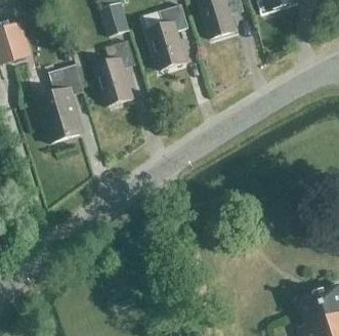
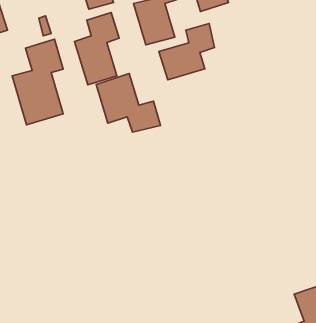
building: none -> [159,24,214,80]
building: none -> [96,74,161,132]

